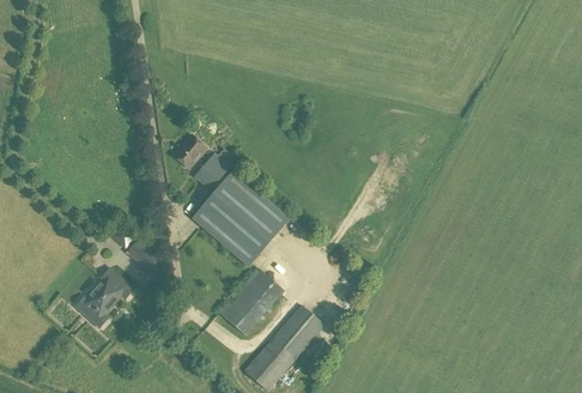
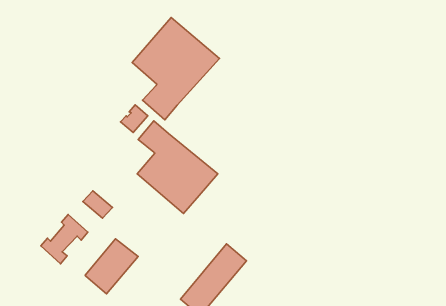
building: none -> [132,17,219,120]
building: [219,268,284,335] -> [85,239,138,294]

